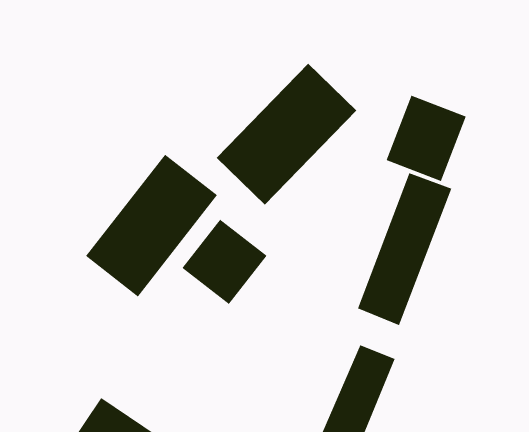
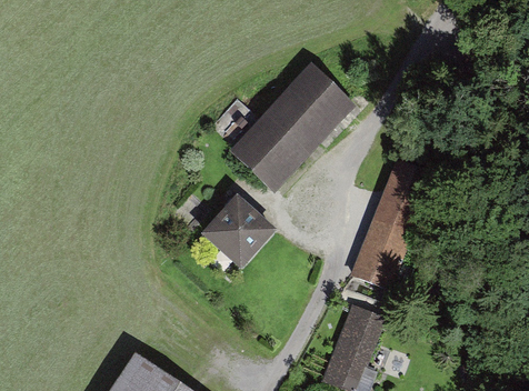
building: [386,95,467,182] -> none
building: [85,154,218,297] -> none

